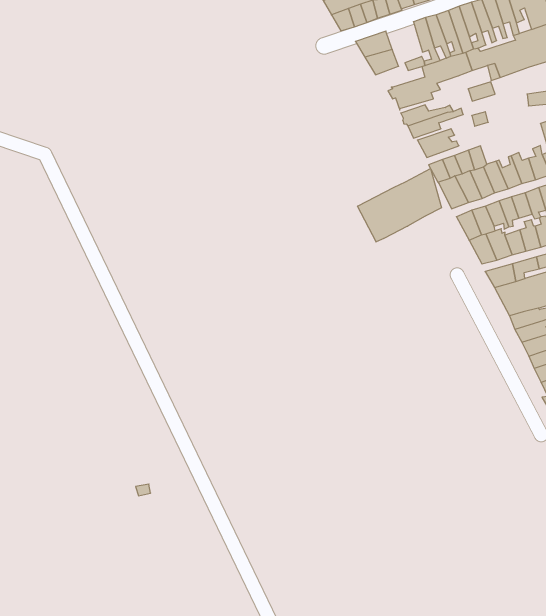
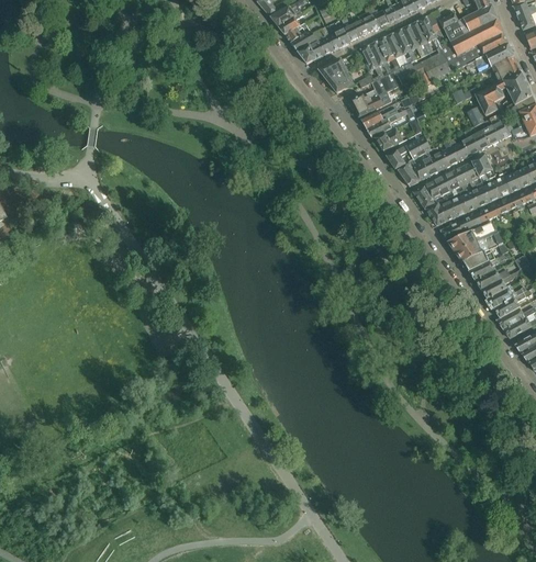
building: [358,168,441,242] -> none

